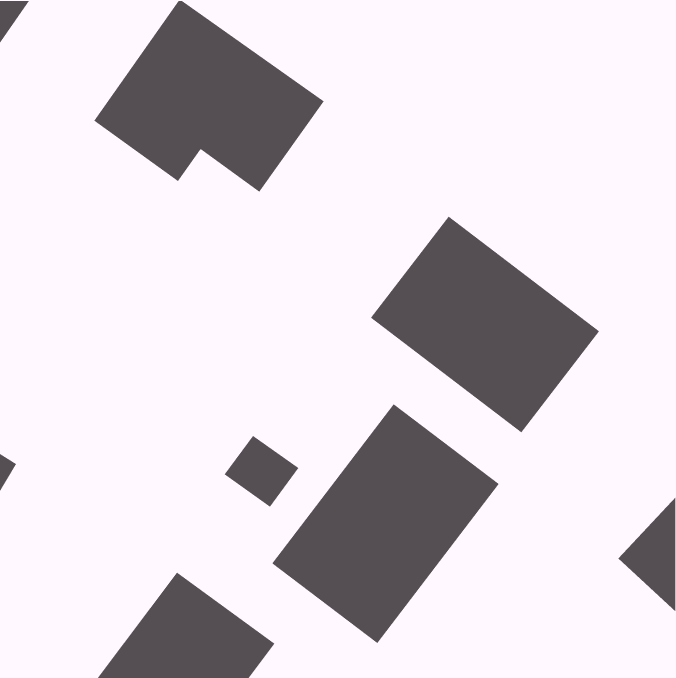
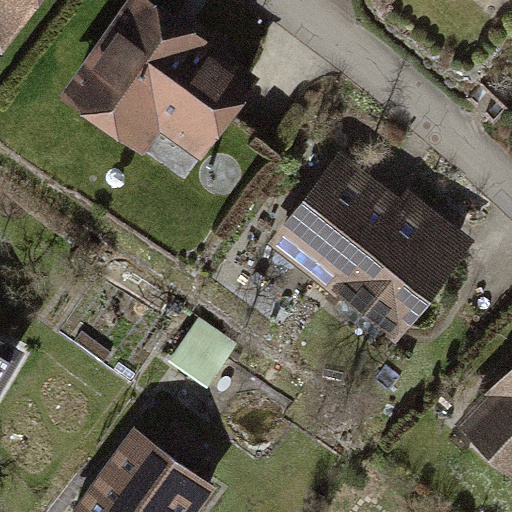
building: [271,403,500,644] -> none

